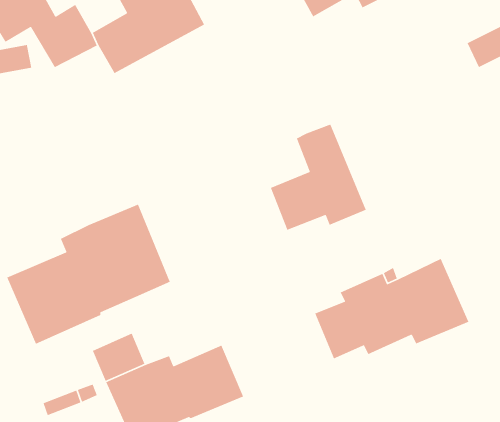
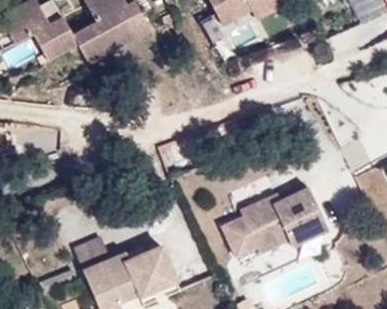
building: [270,124,367,231] -> none
building: [6,204,171,345] -> none

